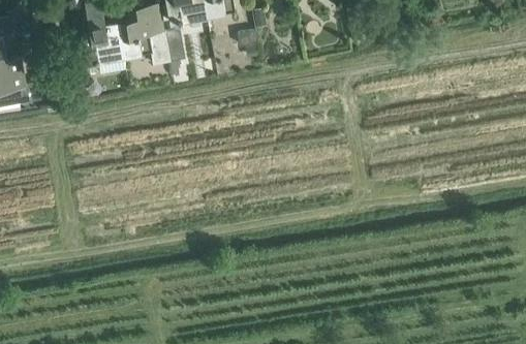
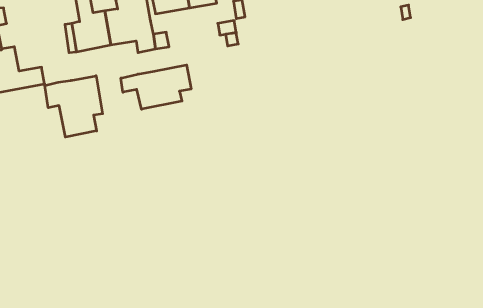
building: none -> [121,65,191,109]
building: none -> [45,76,103,137]

